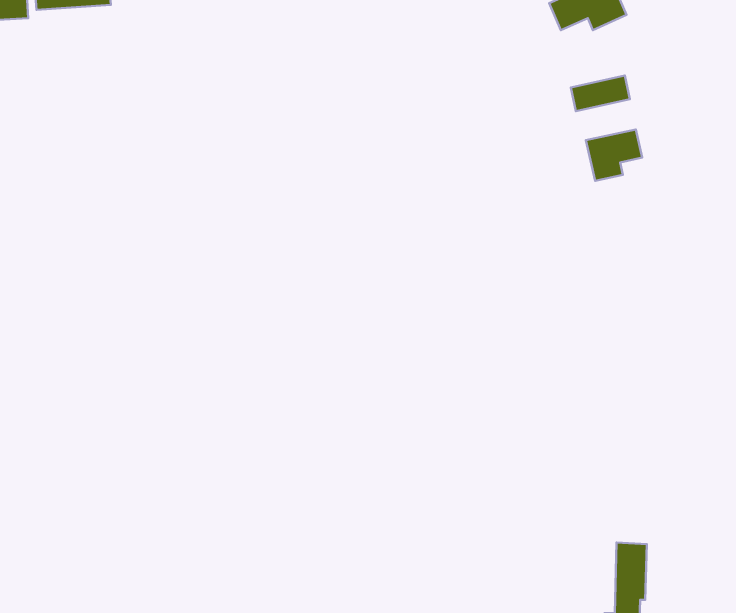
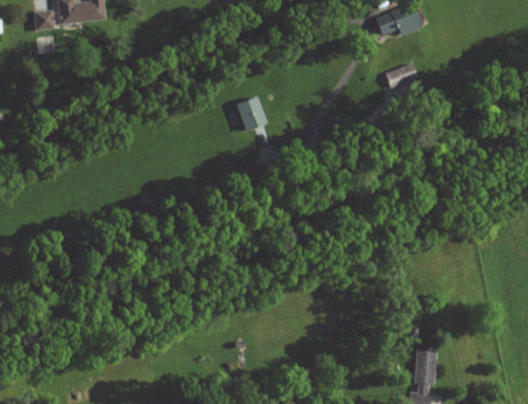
building: none -> [235,96,267,130]
building: [586,129,642,181] -> none

